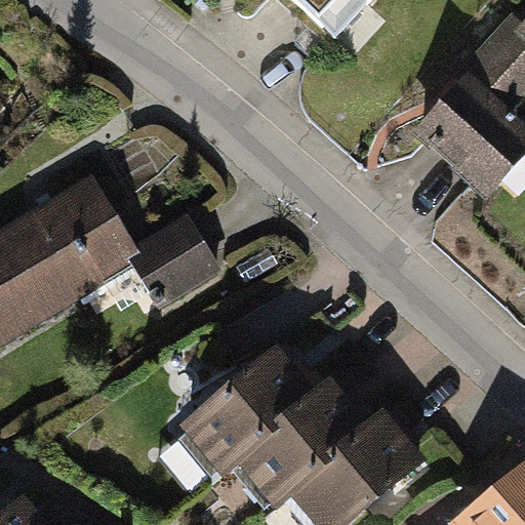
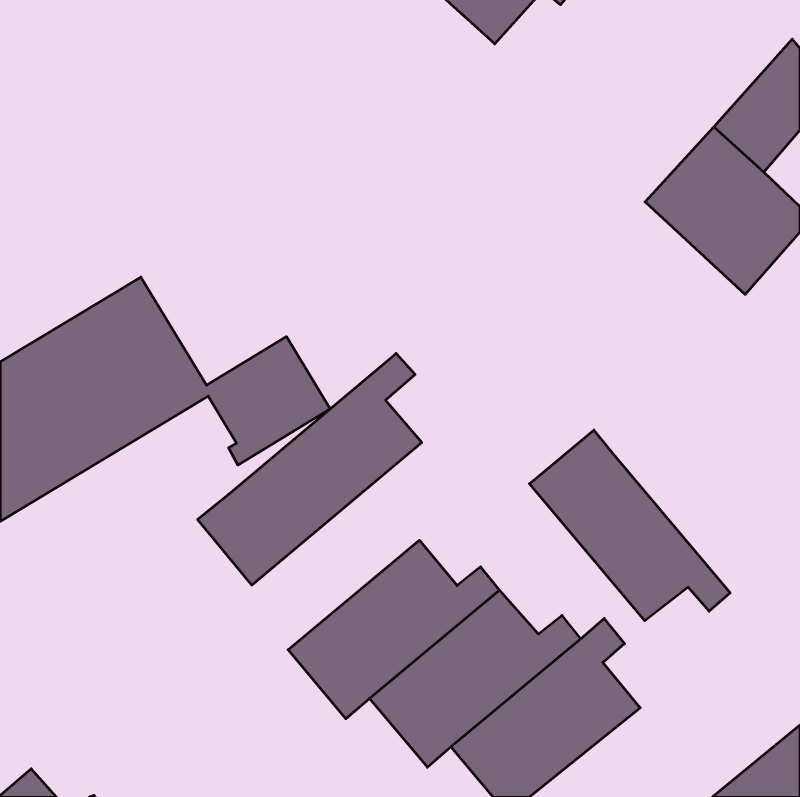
building: none -> [198,353,422,585]
building: none -> [529,430,730,621]

